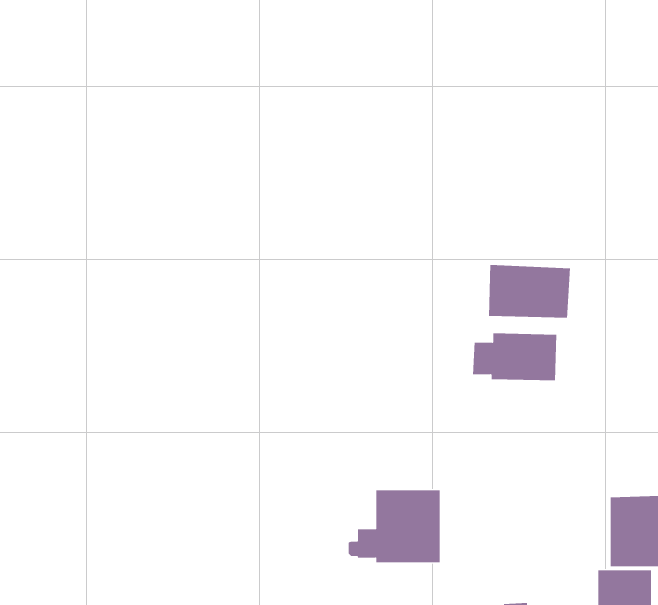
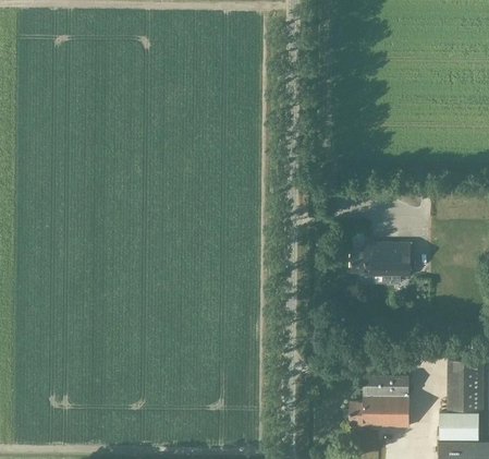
building: [489,264,570,318] -> none
building: [348,490,441,563] -> [343,375,408,426]

